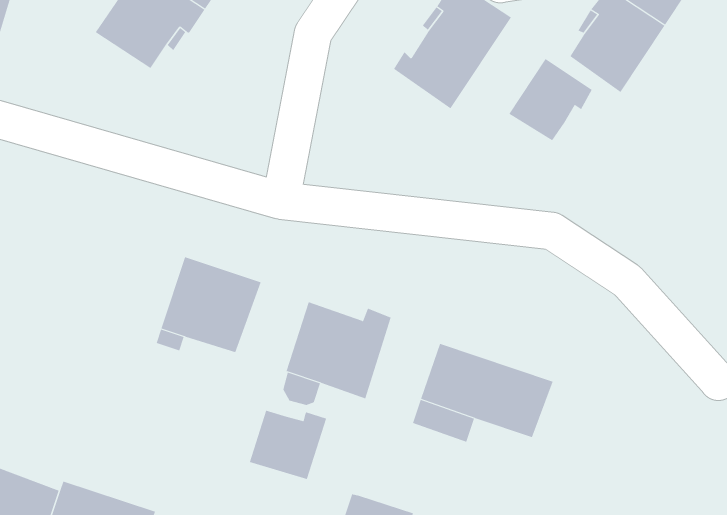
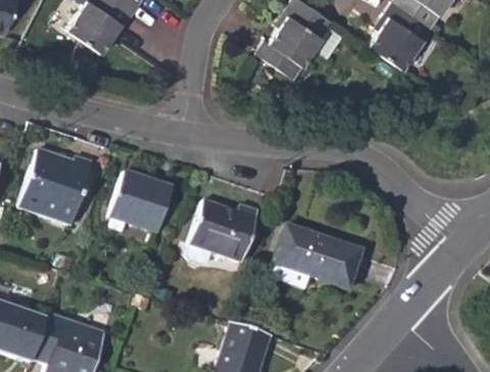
building: [508,58,593,141] -> none
building: none -> [21,151,94,226]
building: [249,410,327,480] -> none

